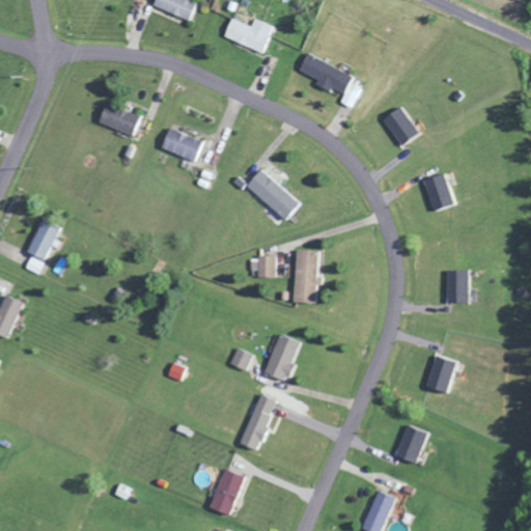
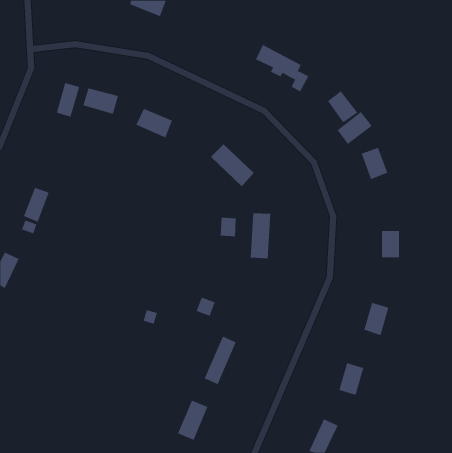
building: [223,17,274,53] -> none
building: none -> [56,82,80,118]
building: none -> [337,111,373,145]
building: [266,334,299,381] -> none

